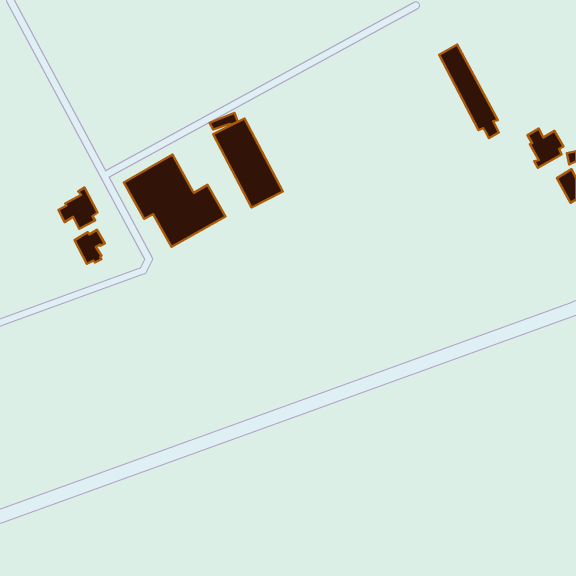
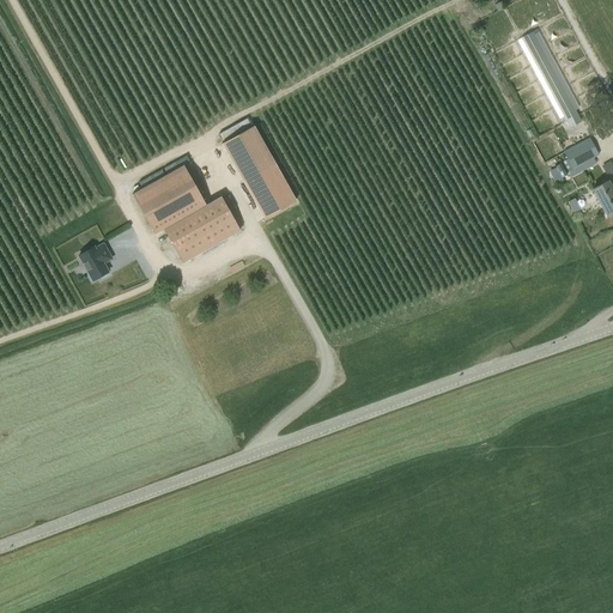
building: [439,45,499,138] -> [517,29,581,128]
building: [58,188,98,229] -> none

